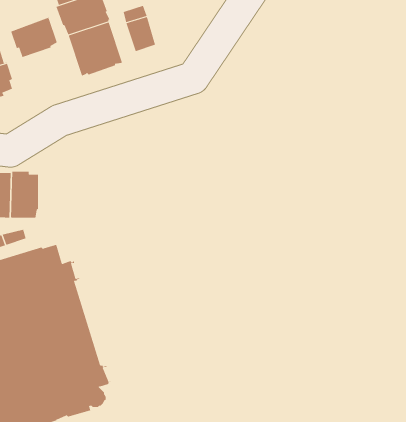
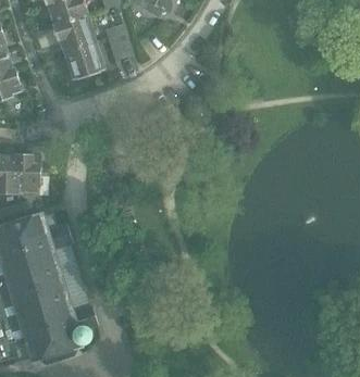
building: [11,17,57,58] -> none

